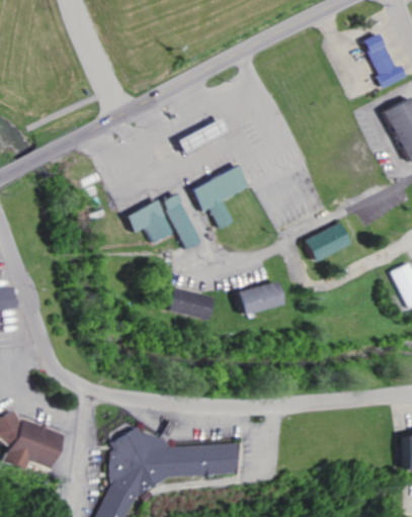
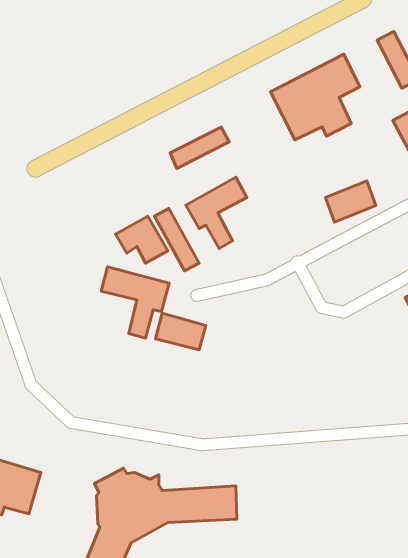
building: none -> [270,54,360,140]
building: [302,224,347,261] -> [326,181,376,222]
building: none -> [101,267,169,338]
building: [234,282,279,315] -> none

